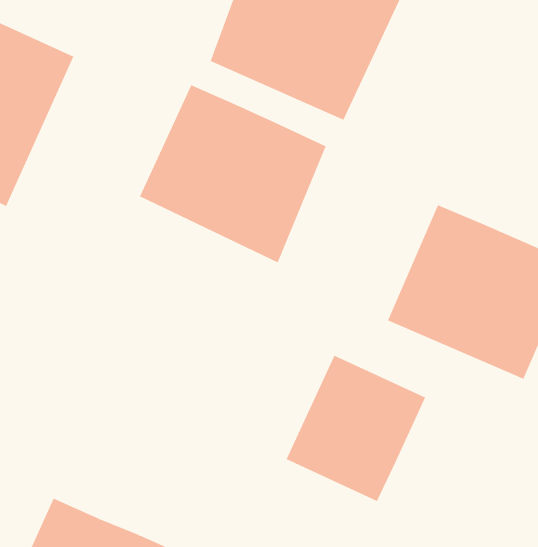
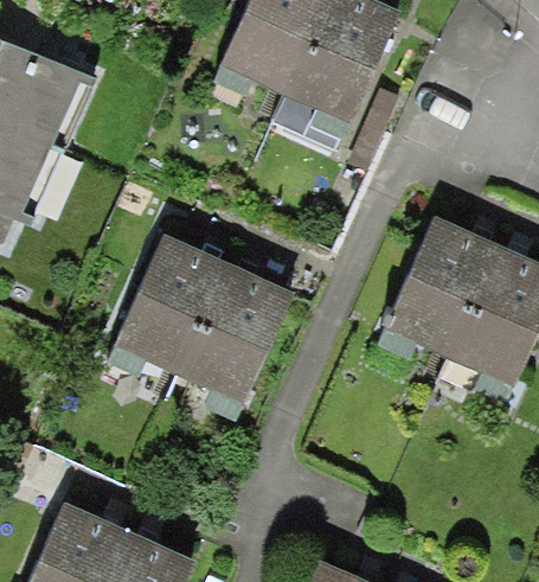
building: [139,84,326,263] -> [115,235,295,407]
building: [286,355,426,502] -> none

